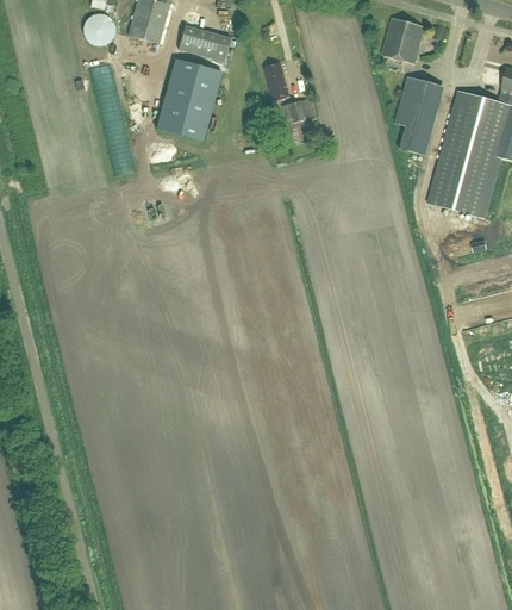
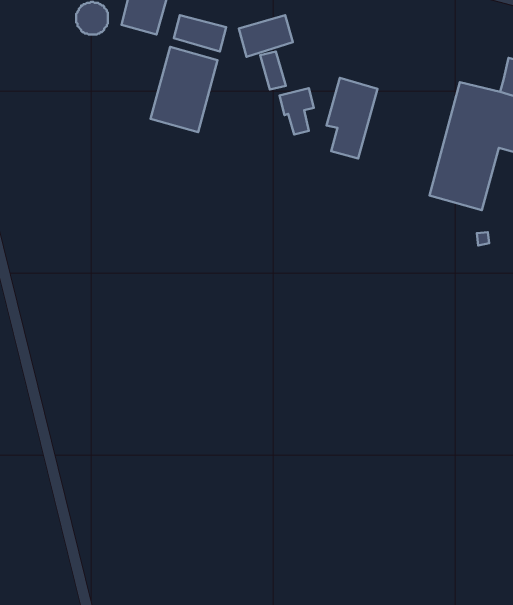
building: [381,18,424,63] -> none
building: none -> [239,15,293,57]
building: [394,75,444,154] -> [326,78,378,158]

